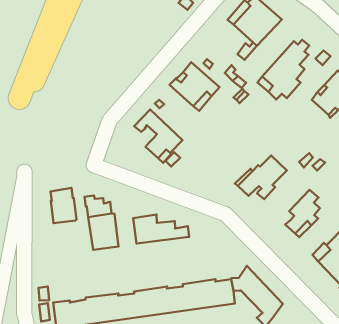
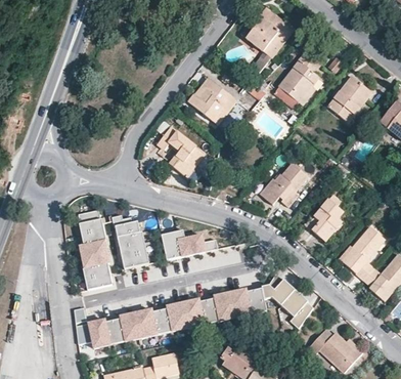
building: none -> [80,241,112,289]

